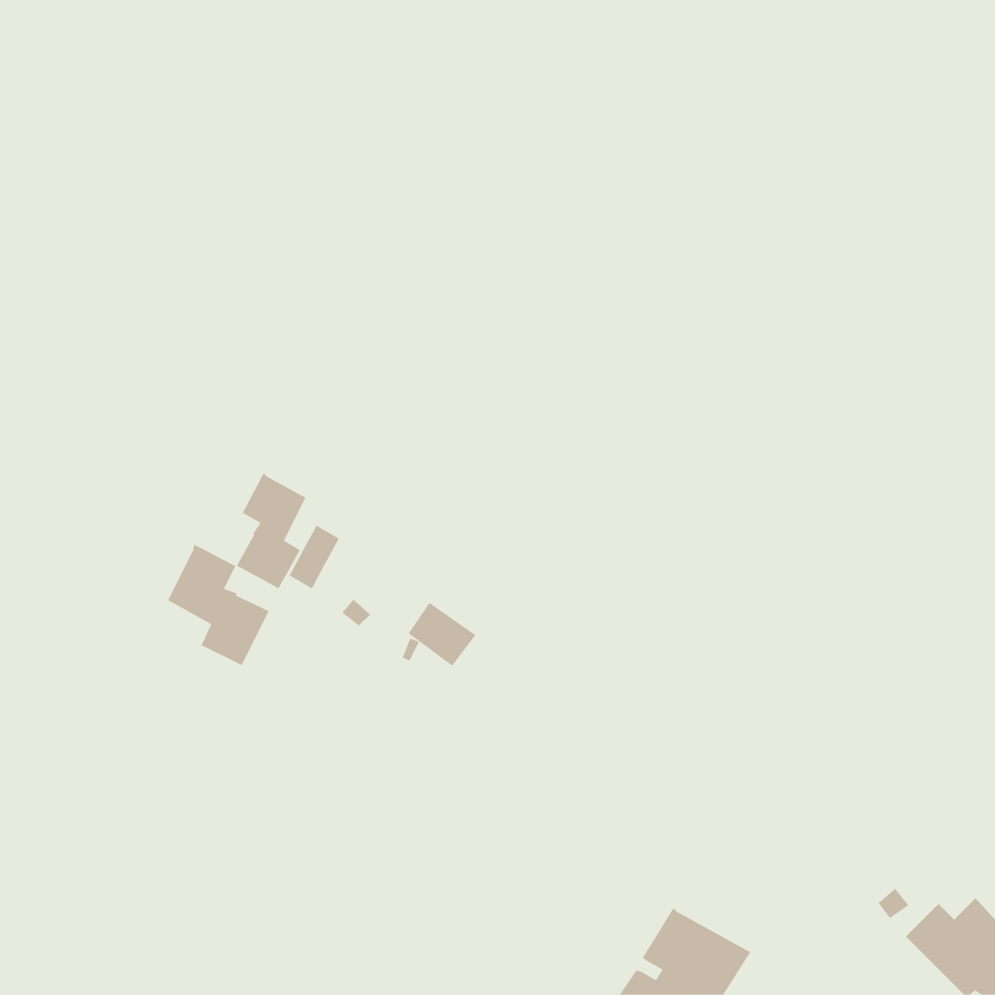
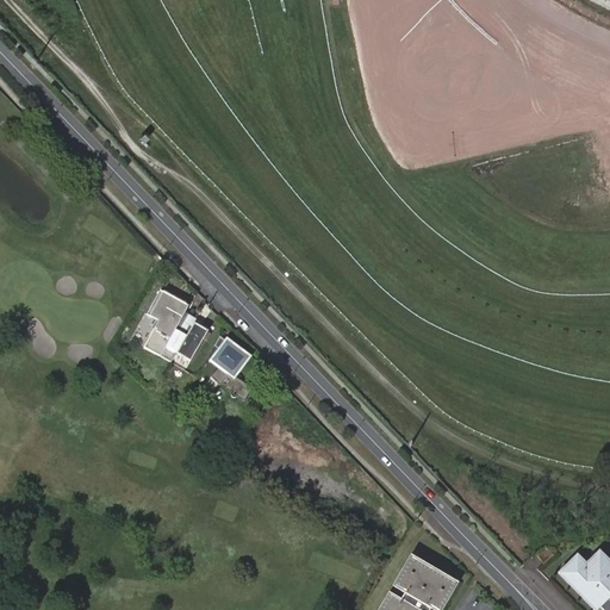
building: [167,544,270,666] -> none
building: [408,602,476,666] -> [207,336,249,375]

